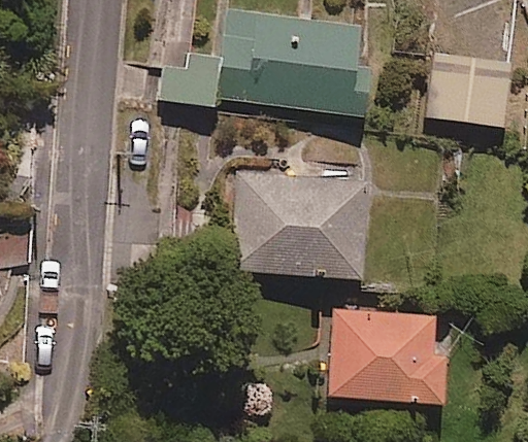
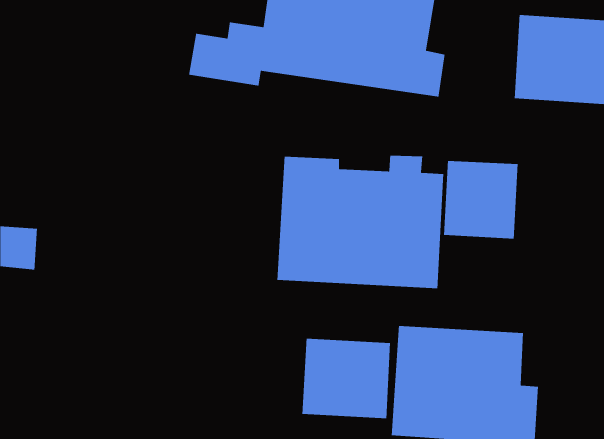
building: none -> [443,160,519,240]
building: none -> [301,338,391,419]

